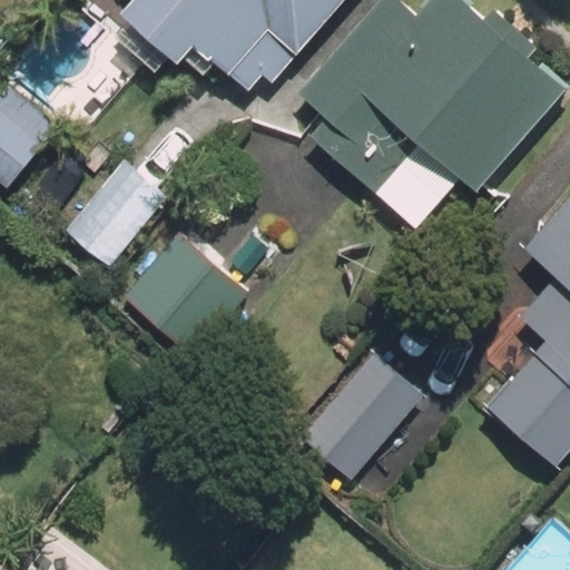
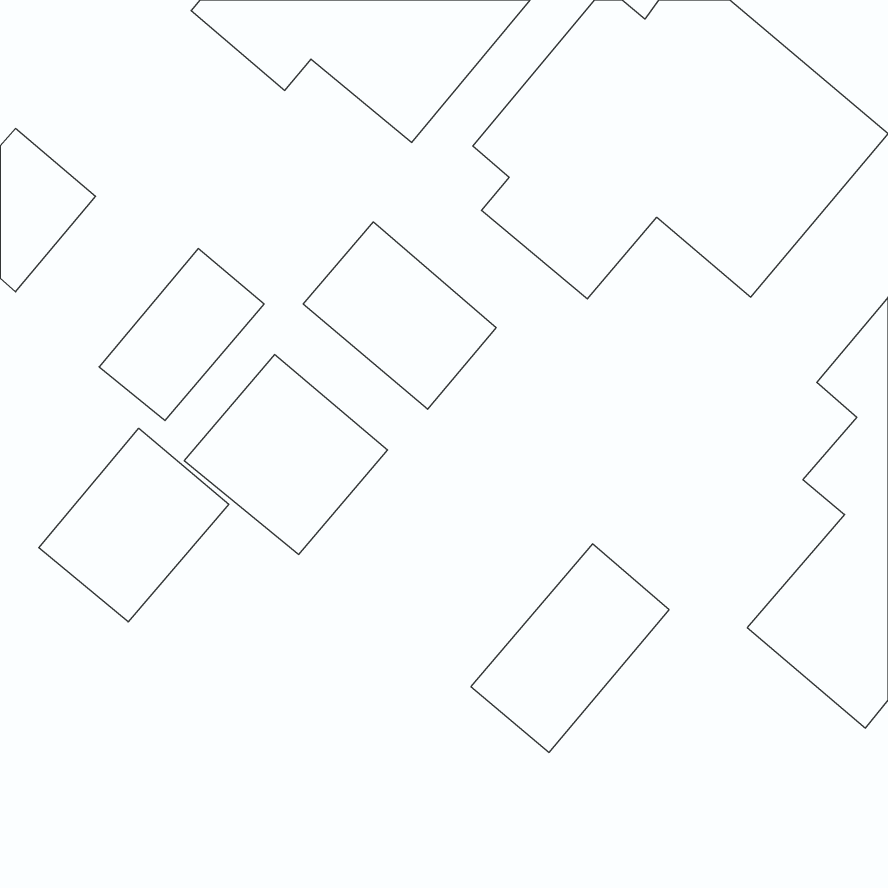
building: none -> [303,222,496,409]
building: none -> [39,428,229,622]

